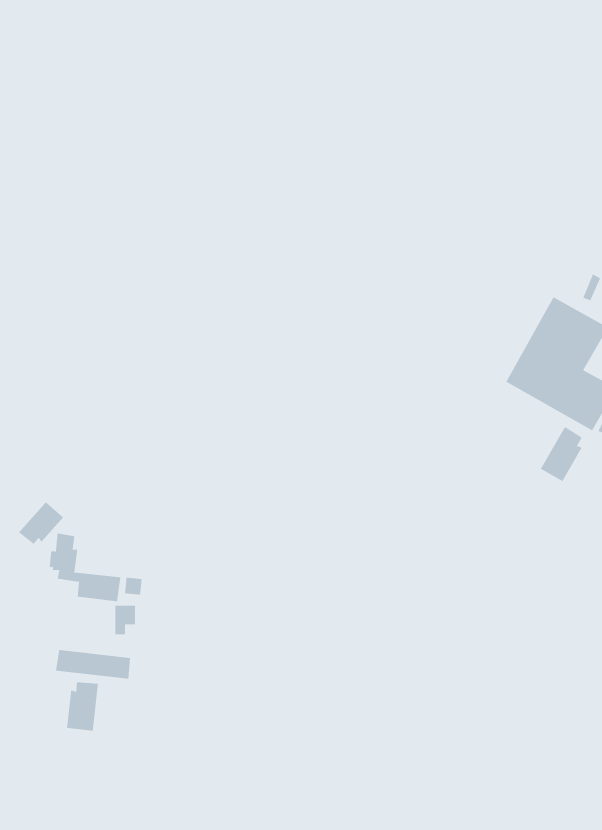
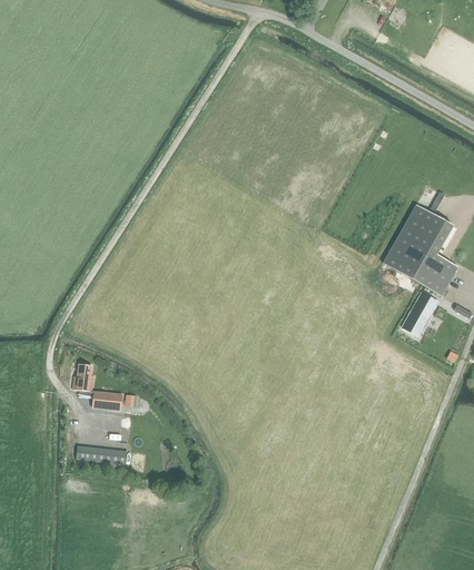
building: [18,501,64,545] -> none
building: [66,682,98,732] -> none

